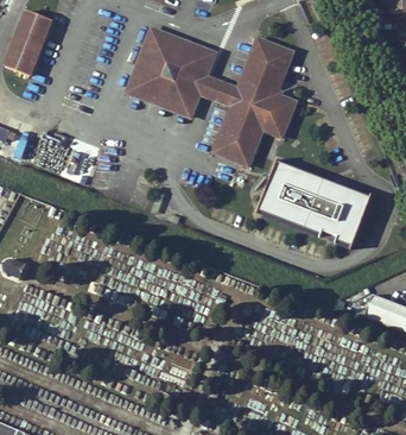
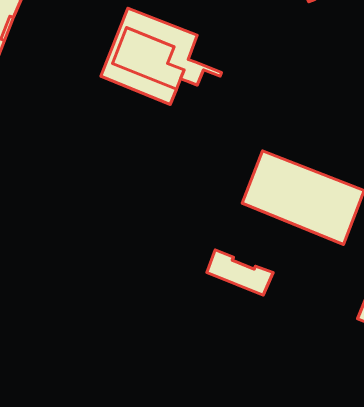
building: [212,38,296,164] -> none
building: none -> [207,250,273,295]

